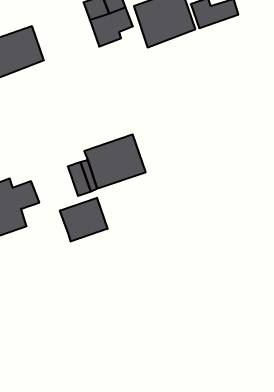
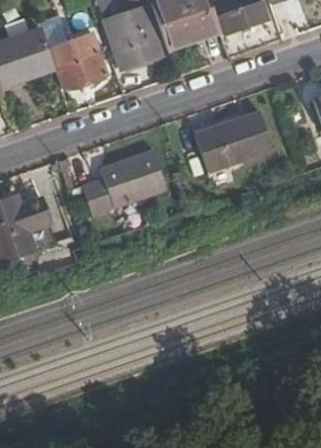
building: none -> [115,29,161,67]
building: none -> [51,30,107,87]
building: none -> [195,111,274,172]
building: [60,198,108,242] -> none

